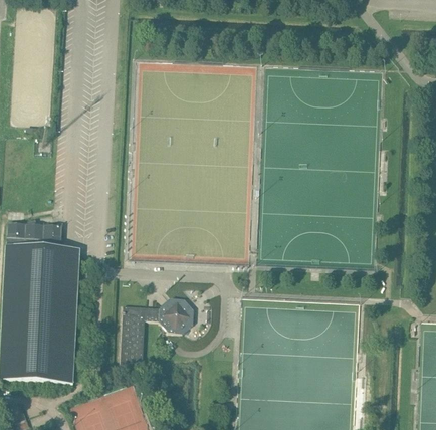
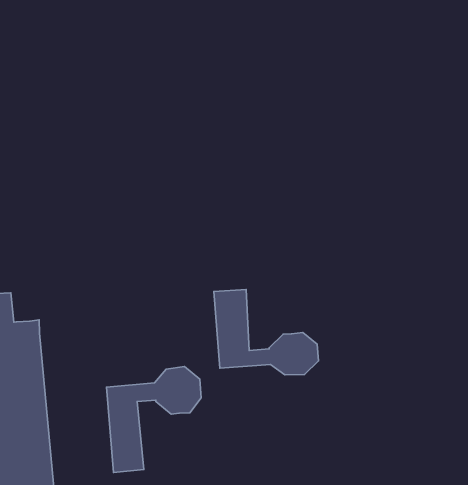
building: none -> [214,290,319,375]

